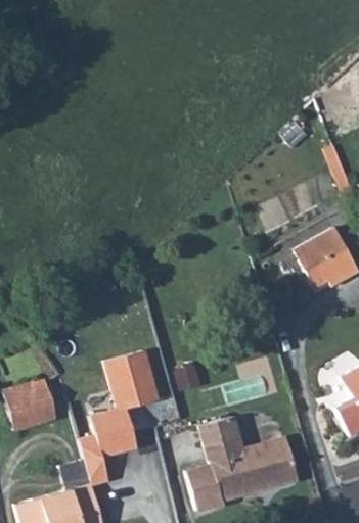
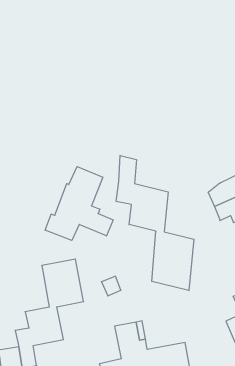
building: none -> [116,155,194,291]
building: none -> [45,167,113,240]

